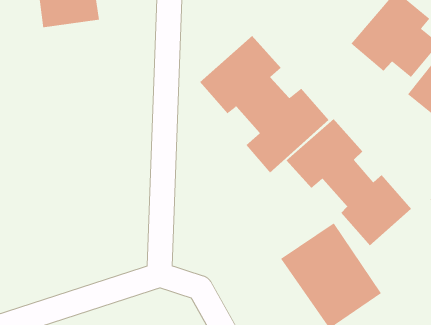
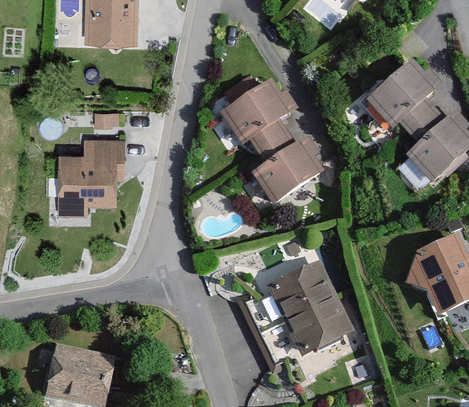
building: none -> [54,110,122,213]
building: [286,118,412,246] -> none

